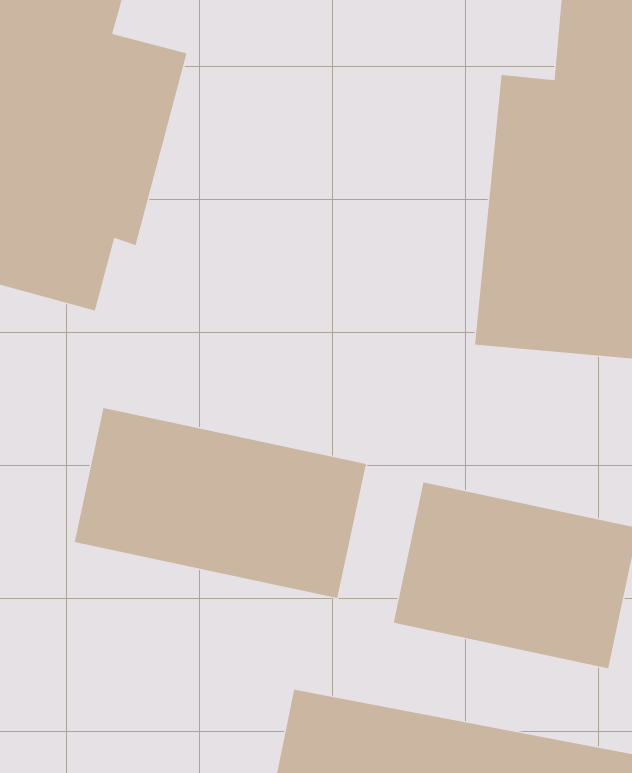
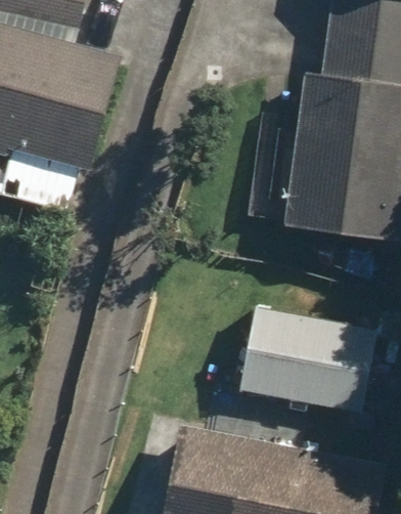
building: [74,407,367,599] -> none

